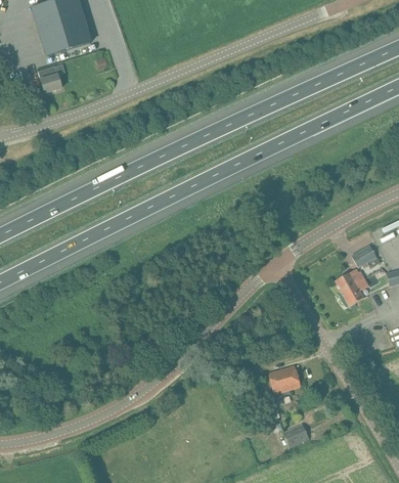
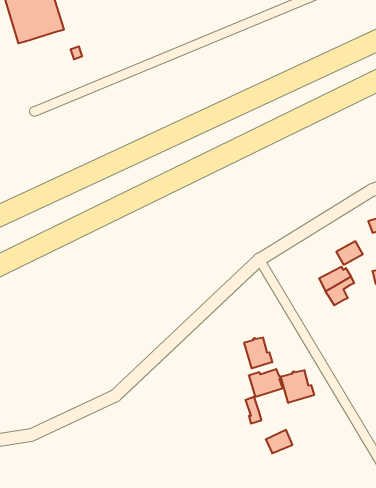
building: [38,65,61,92] -> none
building: none -> [244,337,272,368]
building: none -> [281,370,314,403]

